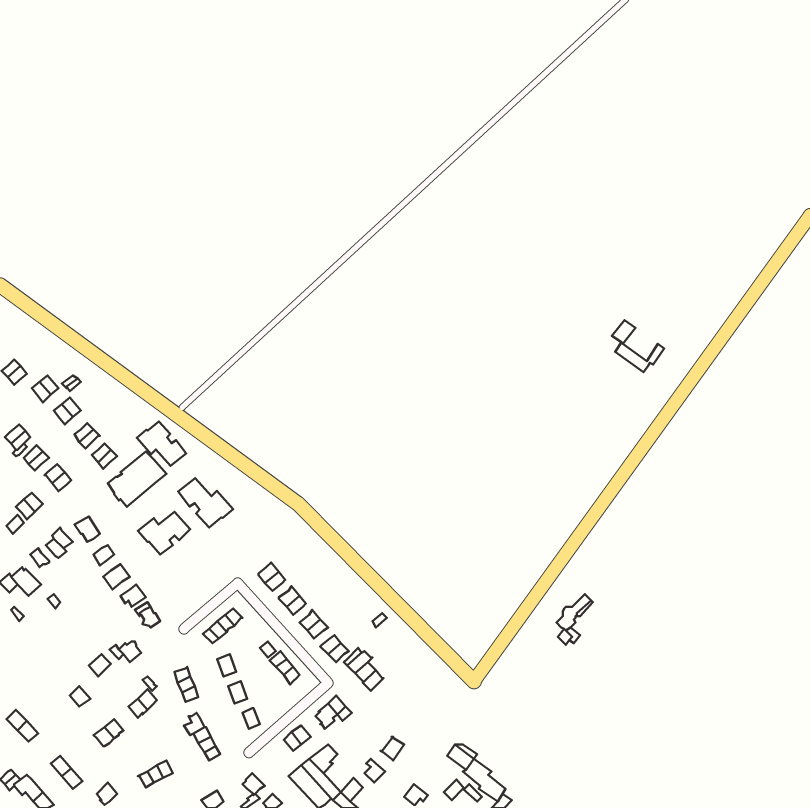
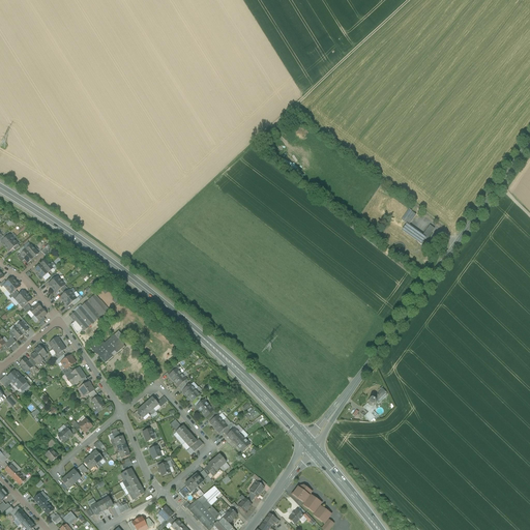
building: [137,421,186,466] -> none
building: [178,478,233,527] -> none

